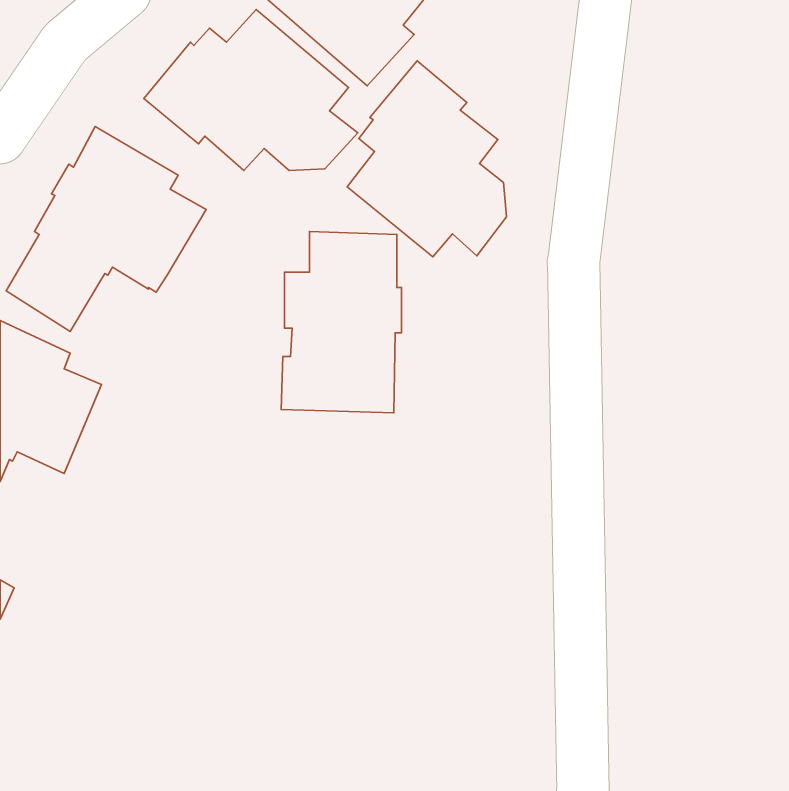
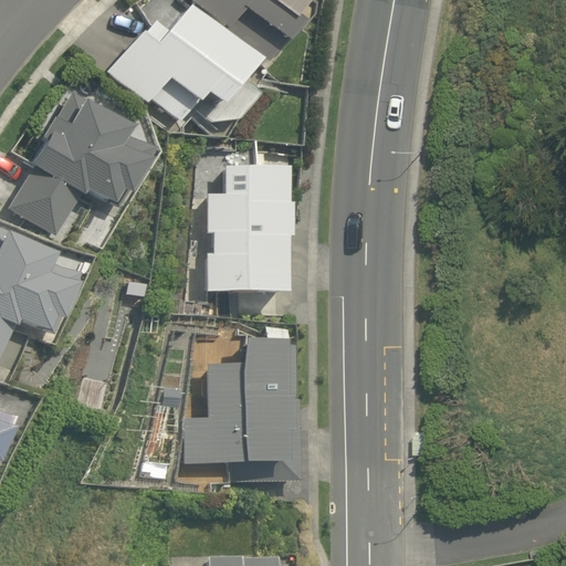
building: [347,61,507,257] -> none
building: none -> [185,339,302,480]

